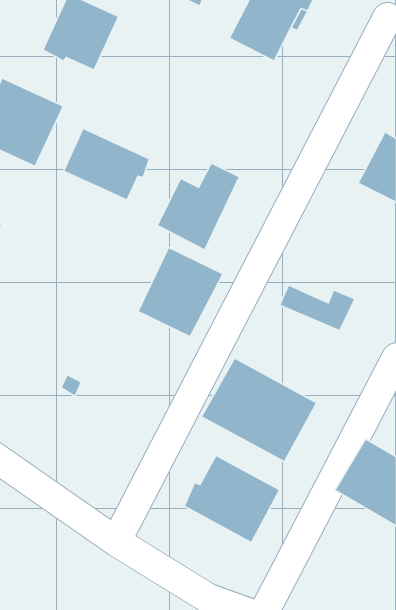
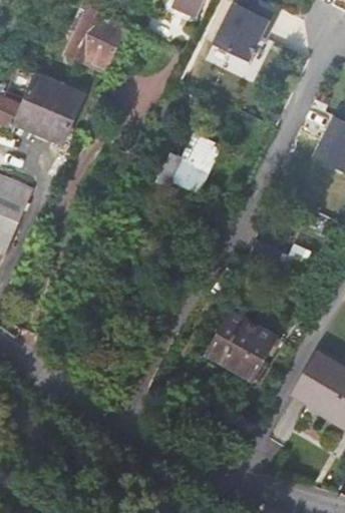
building: [64,128,149,200] -> none
building: [138,247,223,337] -> none
building: [184,455,280,543] -> none

